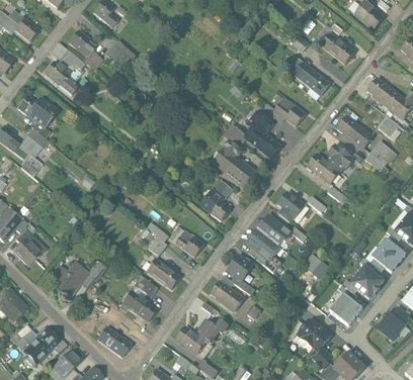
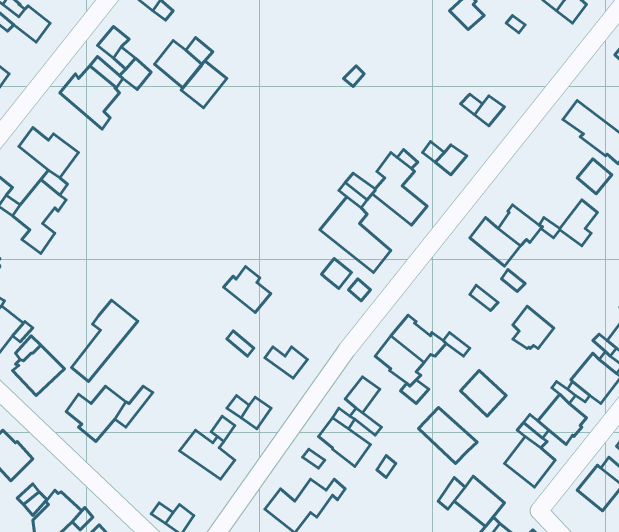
building: [321,32,355,64] -> none
building: none -> [181,61,227,108]
building: [338,115,373,149] -> none
building: [200,191,231,220] -> [224,267,271,312]
building: [278,191,305,218] -> [513,306,554,349]
building: none -> [71,300,138,382]
building: none -> [419,407,477,463]

